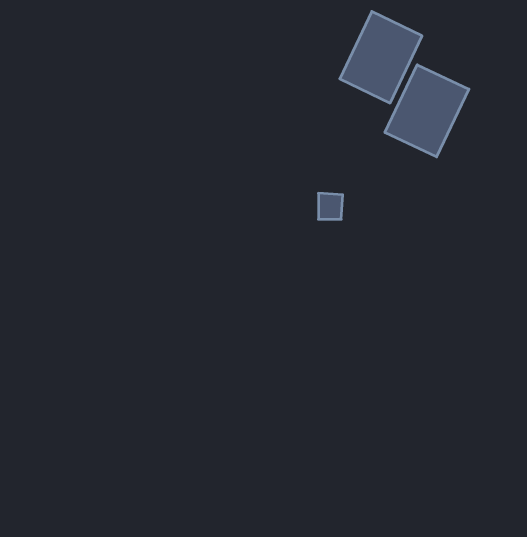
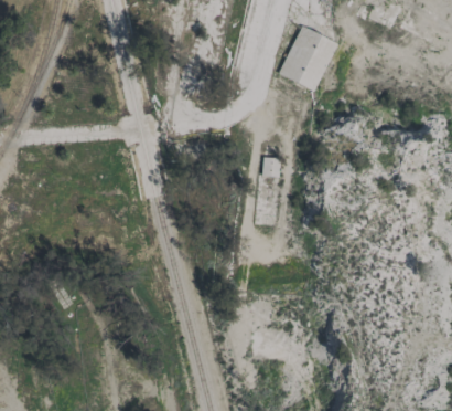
building: [385,65,469,157] -> none

